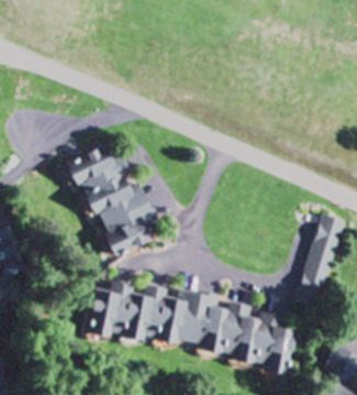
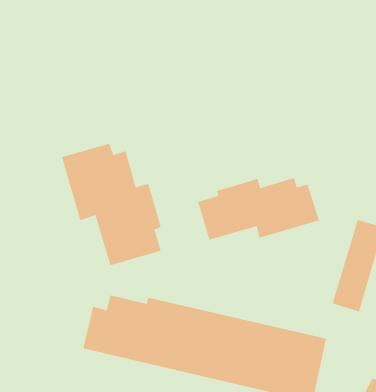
building: none -> [198,177,319,240]

